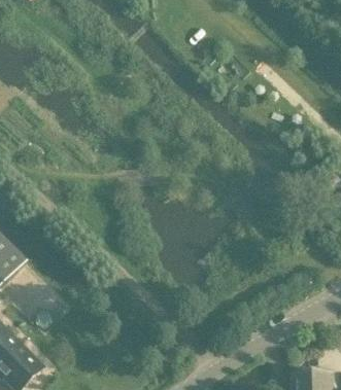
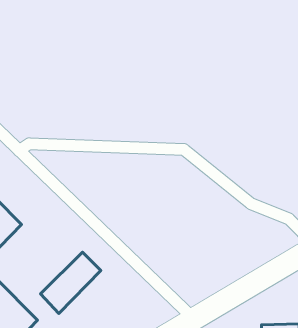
building: none -> [40,252,101,313]

